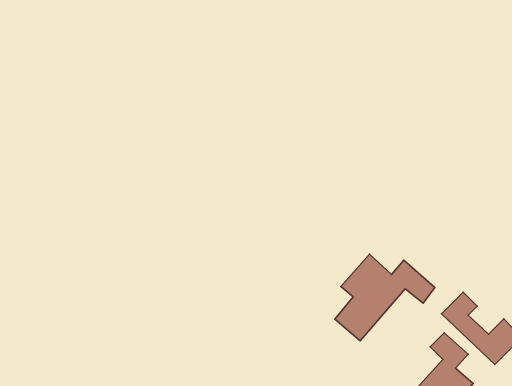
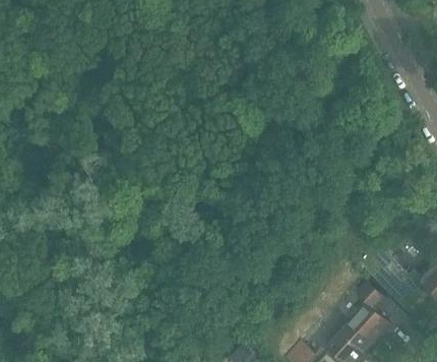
building: [335,254,435,341] -> none

